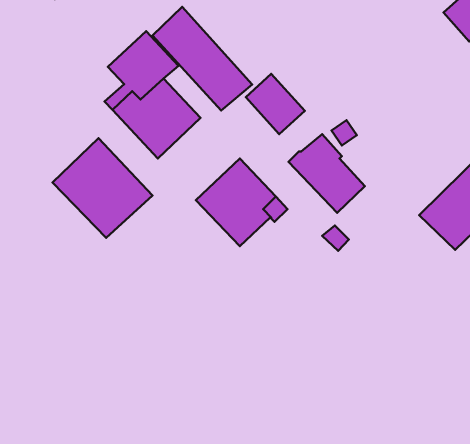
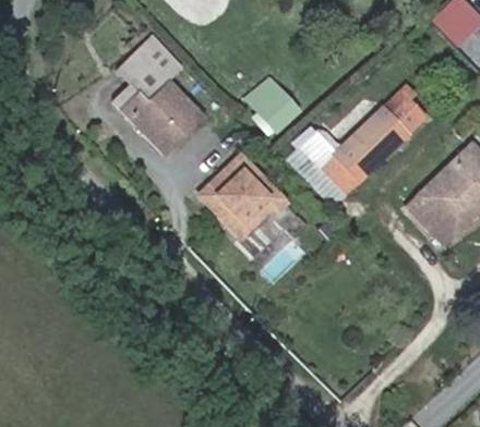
building: [153,7,252,110] -> none
building: none -> [334,85,423,180]
building: [53,138,153,238] -> none

